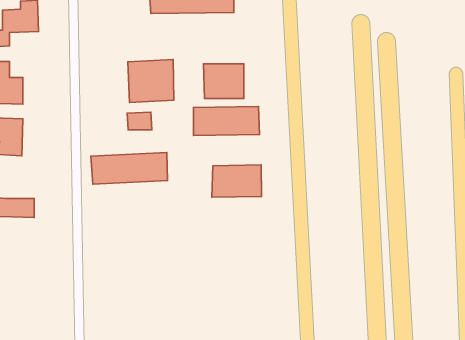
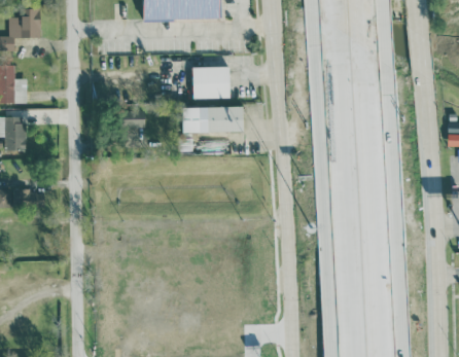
building: [128,60,174,102] -> none
building: [91,153,167,184] -> none
building: [212,165,262,197] -> none

